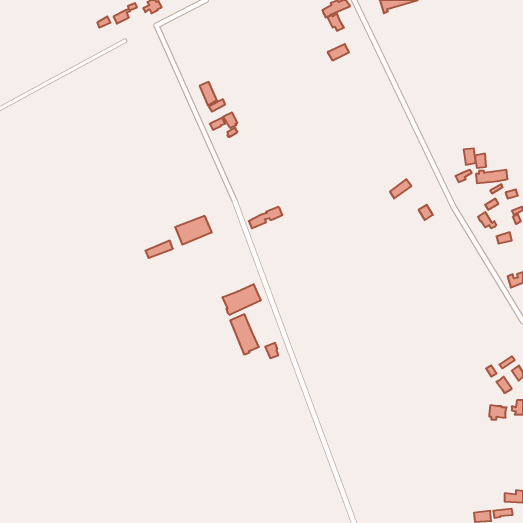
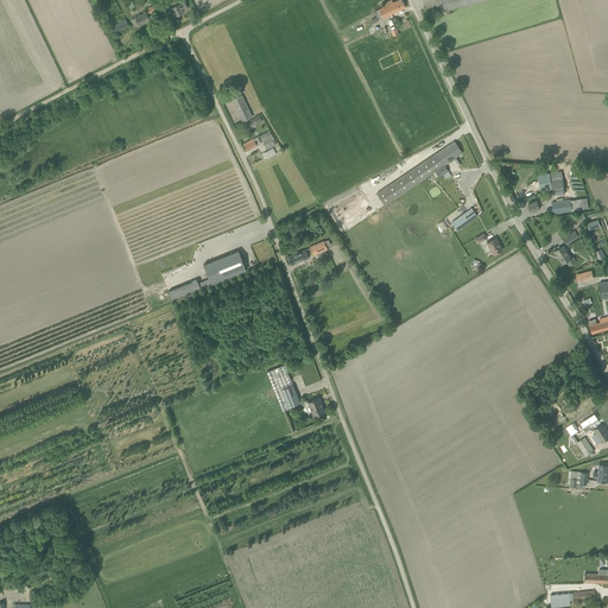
building: none -> [376,141,462,204]
building: [223,284,261,315] -> none

